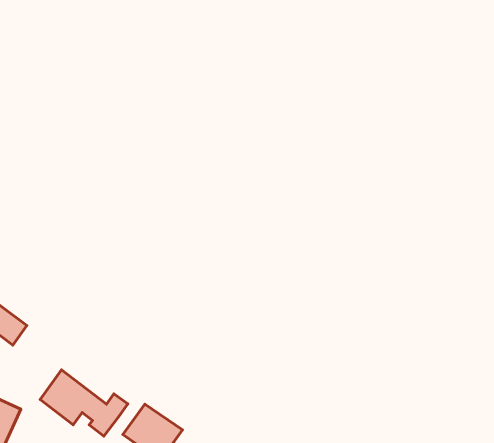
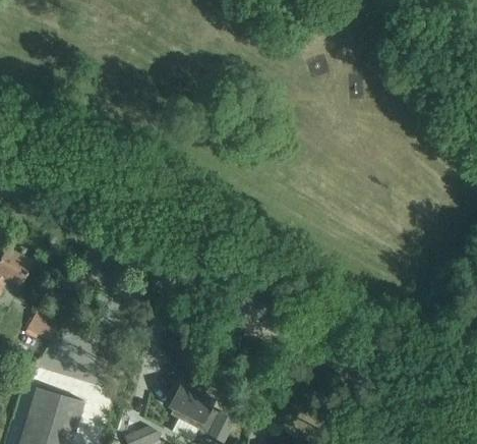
building: [40,370,128,436] -> none

